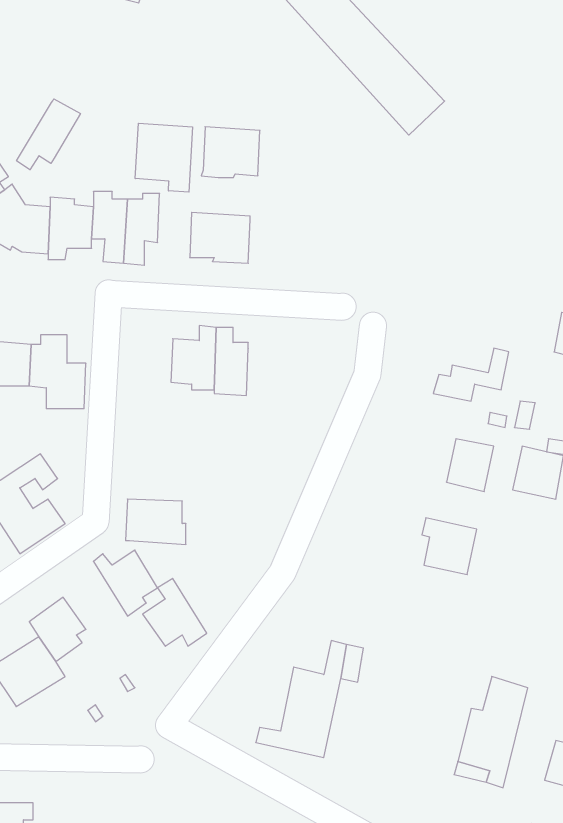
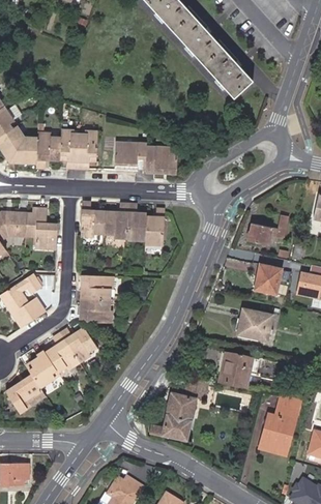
building: [17,99,80,170] -> none
building: [135,123,192,192] -> none
building: [201,127,260,178] -> [145,145,177,173]
building: none -> [81,202,105,237]
building: none -> [145,207,165,245]
building: none -> [80,274,114,299]
building: [143,578,207,646] -> [45,332,80,369]
building: none -> [218,352,253,388]

